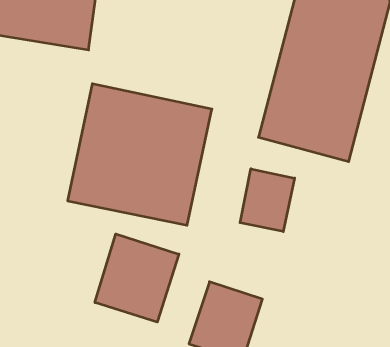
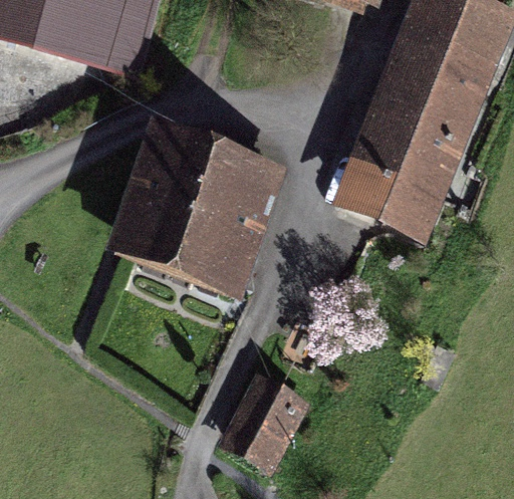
building: [240,169,295,232] -> none
building: [95,234,179,322] -> none

